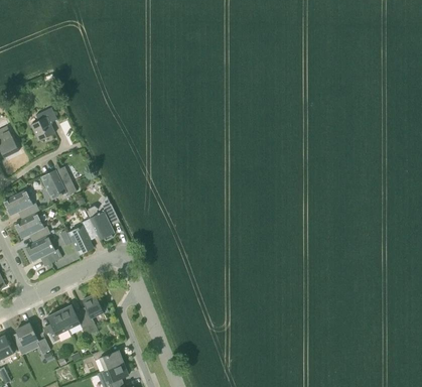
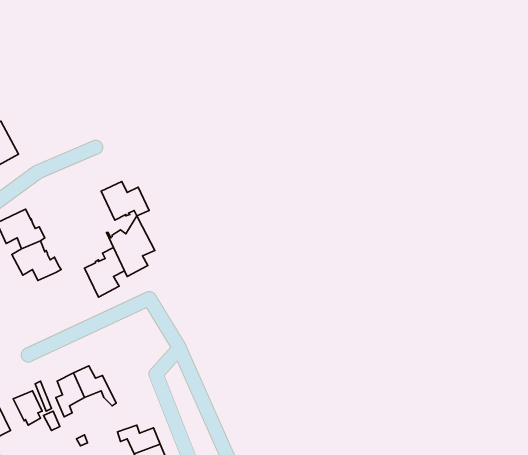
building: [30,108,56,141] -> none
building: [40,170,76,199] -> [101,182,149,220]
building: [25,237,61,266] -> none
building: [81,293,108,333] -> none

